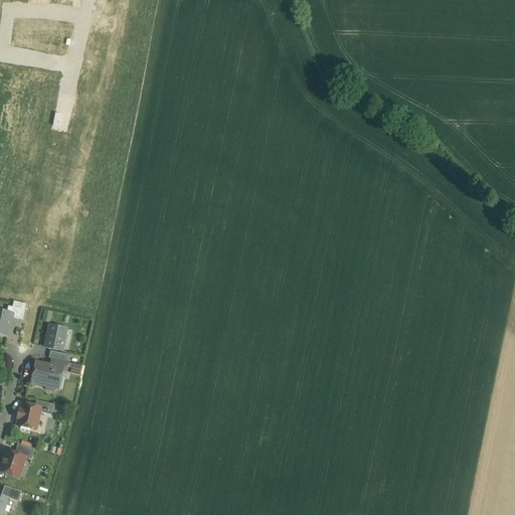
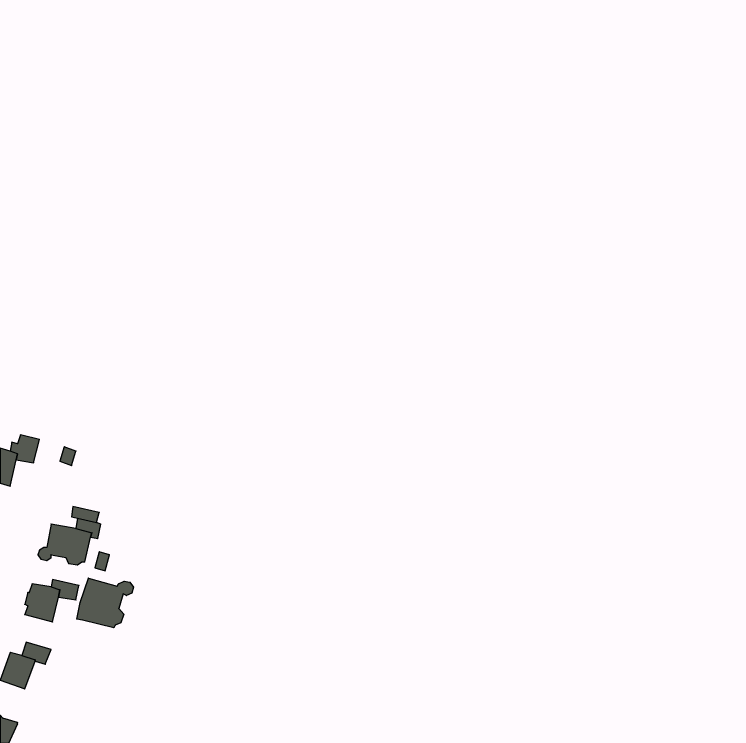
building: [45,324,66,349] -> none
building: none -> [77,578,133,628]

